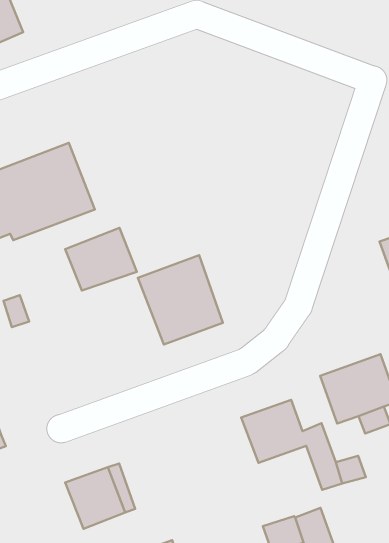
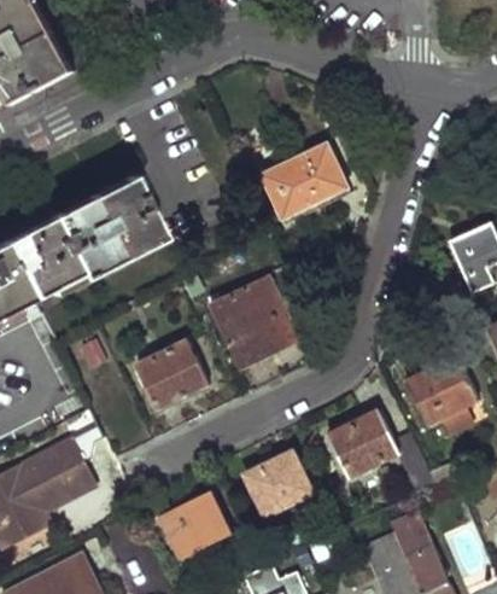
building: none -> [261,142,346,220]
building: [65,228,137,291] -> [136,342,210,408]
building: none -> [246,450,312,516]

